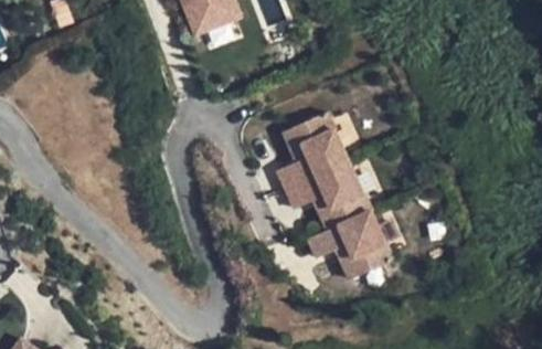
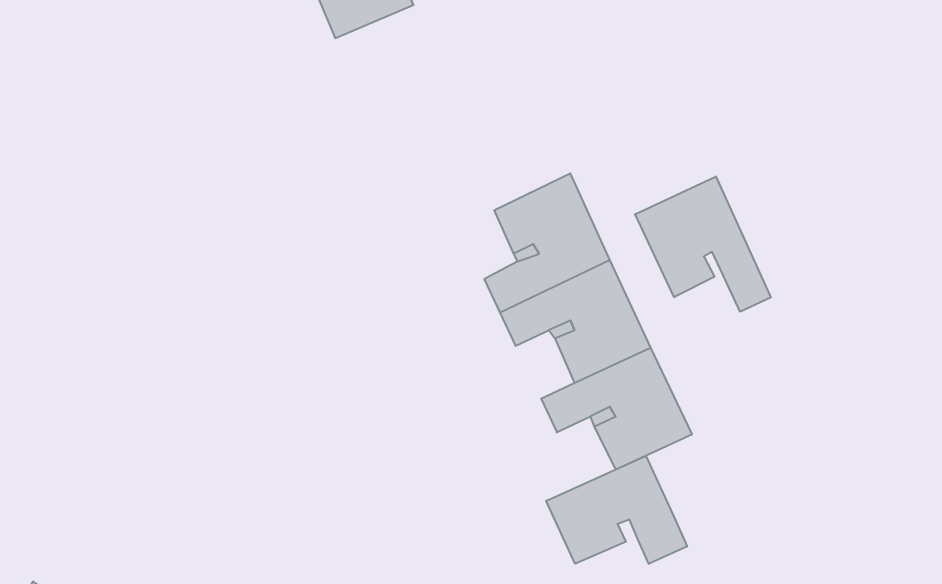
building: none -> [635,176,771,312]
building: none -> [546,456,687,564]

